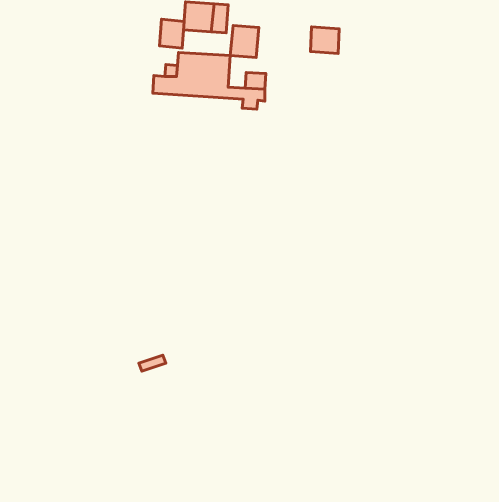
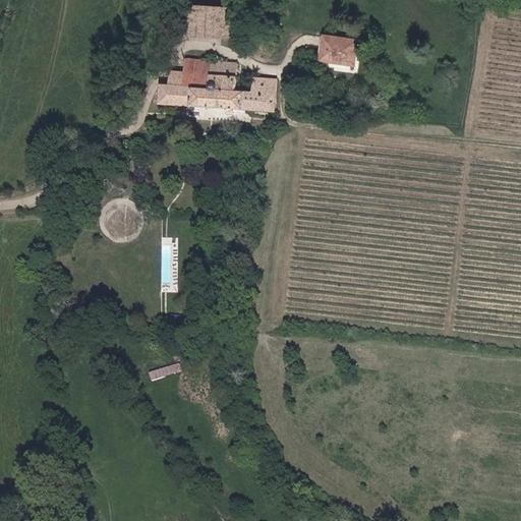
building: [160,19,184,48] -> none
building: [230,26,259,57] -> none

